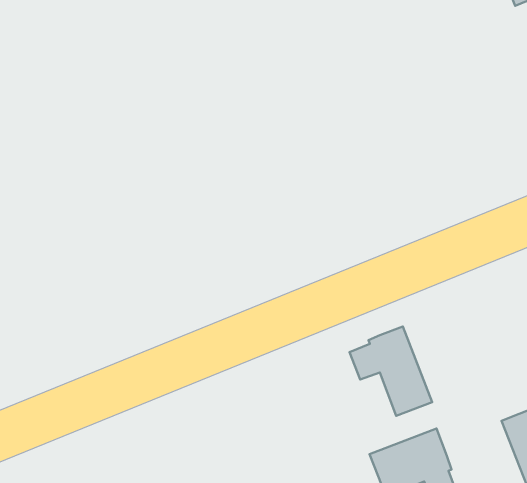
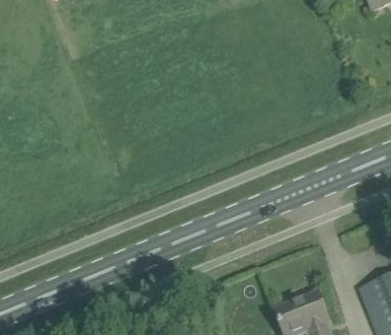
building: [349,326,432,416] -> none

